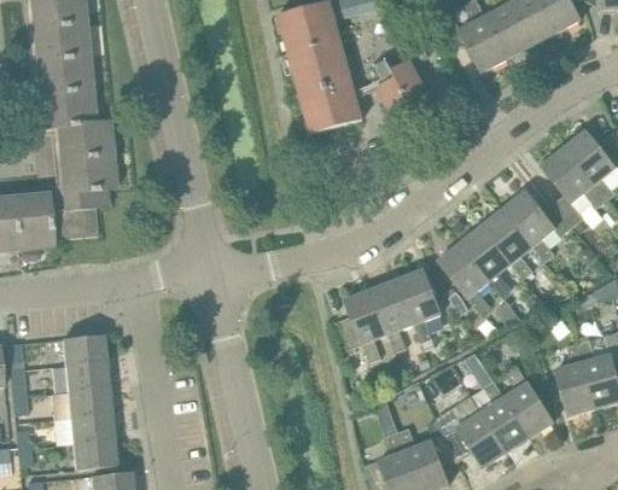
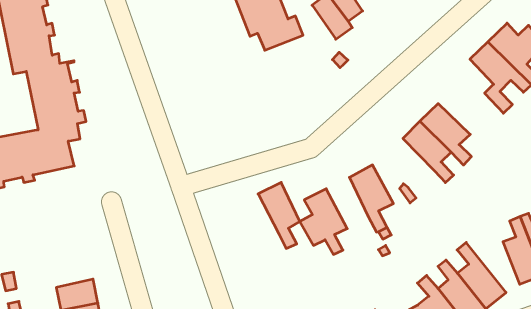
building: [502,189,572,261] -> none
building: [438,243,490,311] -> none
building: [371,279,413,351] -> [258,182,300,248]
building: [63,334,106,364] -> none

